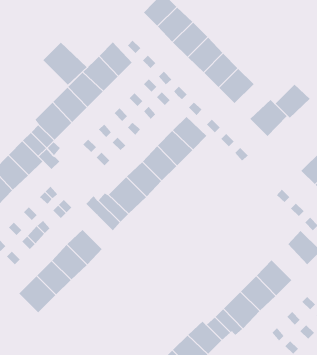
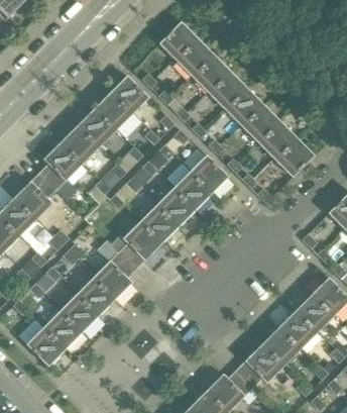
building: [42,42,87,85] -> none
building: [275,84,311,119] -> [257,120,296,158]
building: none -> [95,261,131,297]
building: none -> [297,292,335,330]

